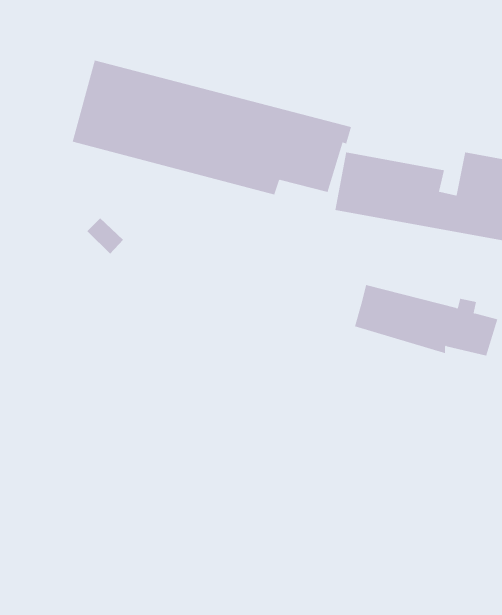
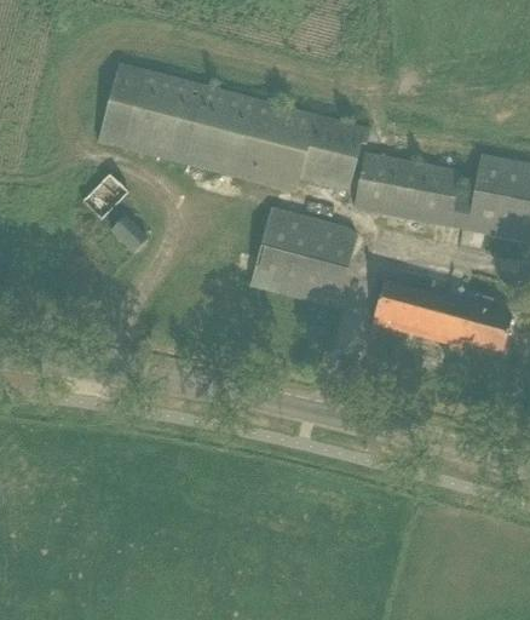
building: none -> [81,173,129,220]
building: none -> [250,207,358,306]

